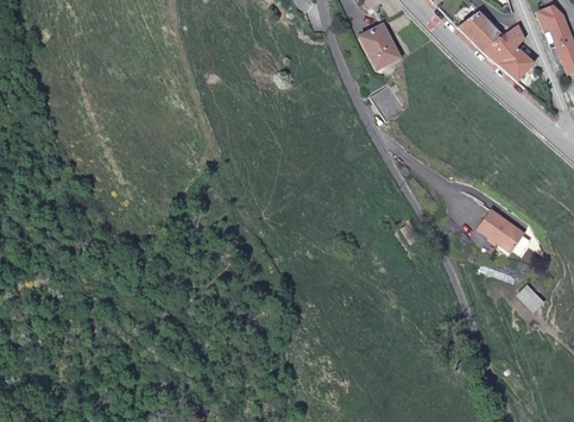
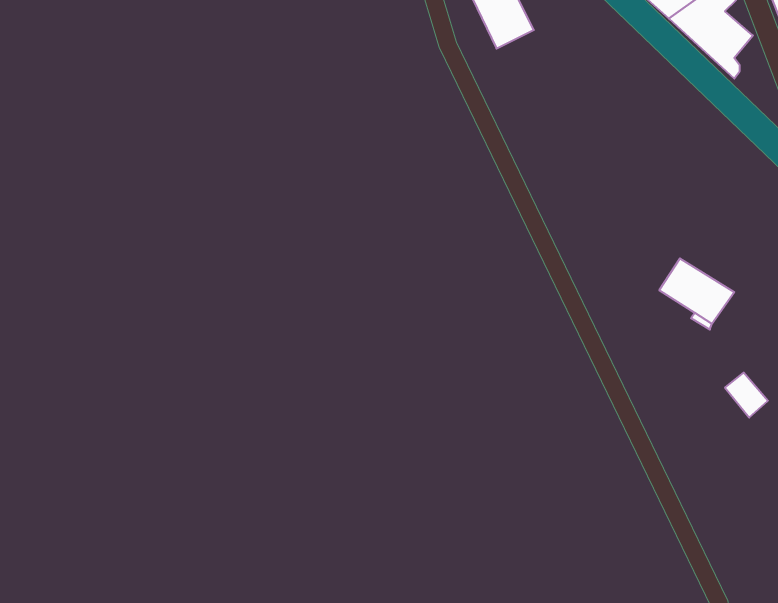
building: [366,83,402,121] -> none

